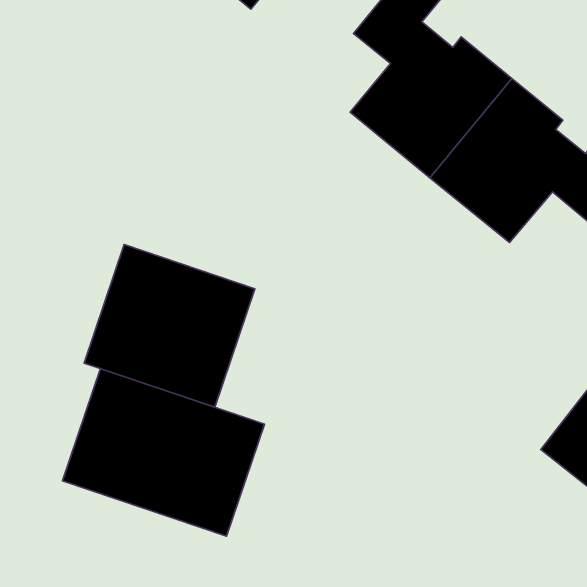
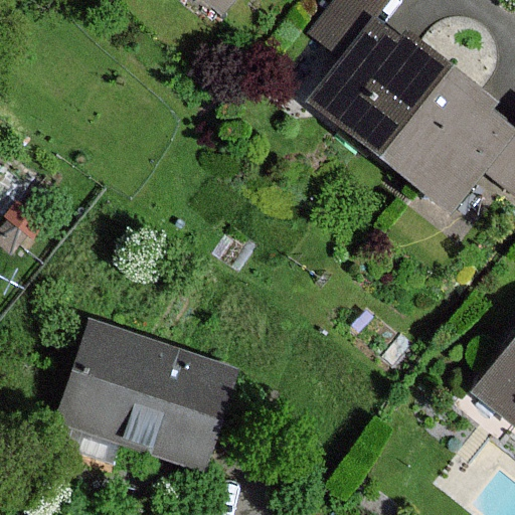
building: [84,245,255,407] -> none

